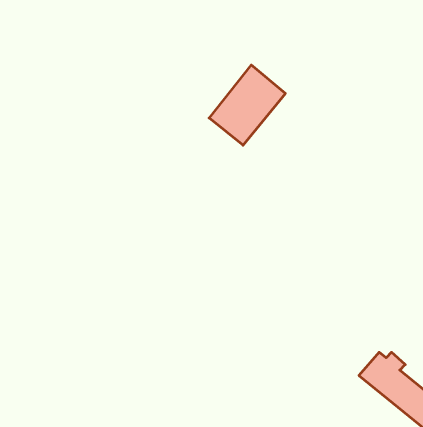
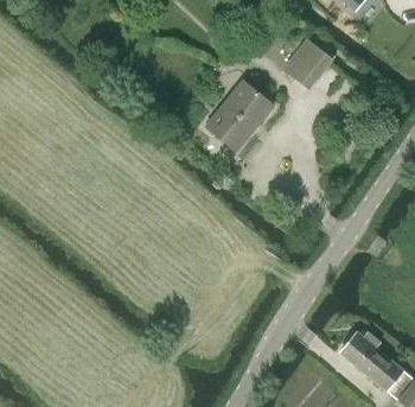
building: none -> [282,42,328,89]

